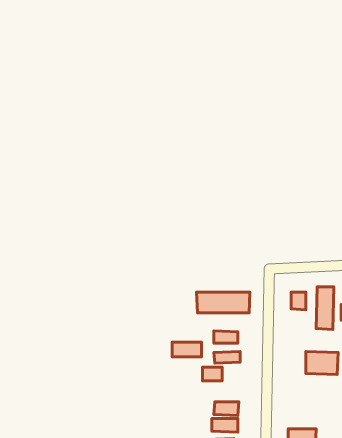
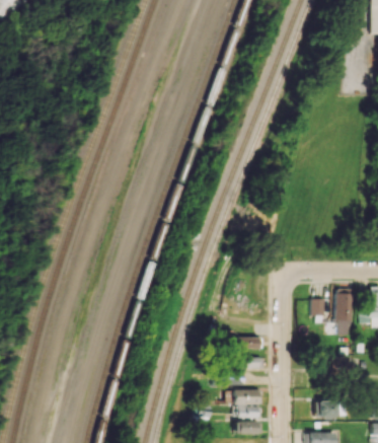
building: [197,292,250,313] -> none
building: [172,342,201,357] -> [232,390,260,404]
building: none -> [314,400,339,418]

